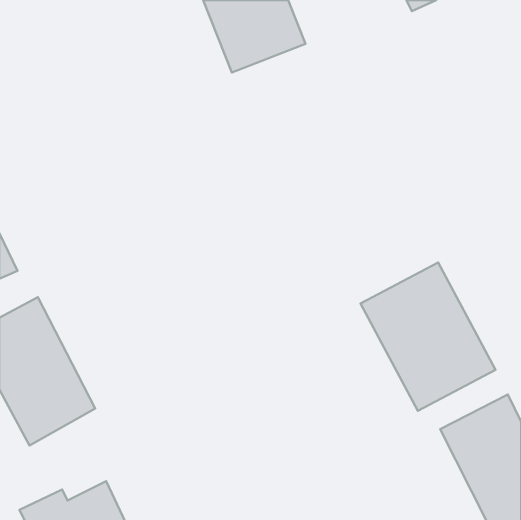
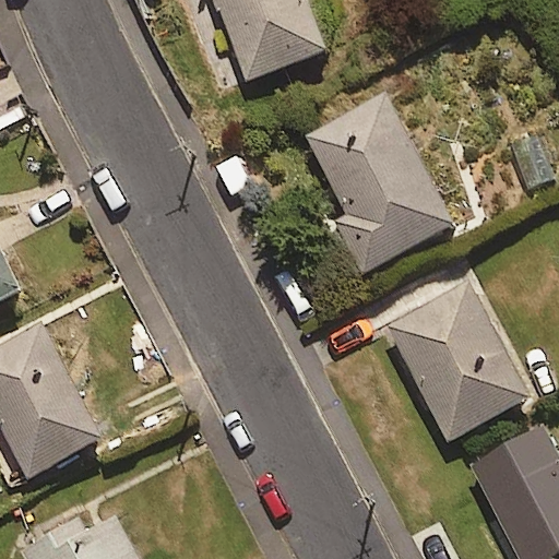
building: none -> [306,93,453,273]

